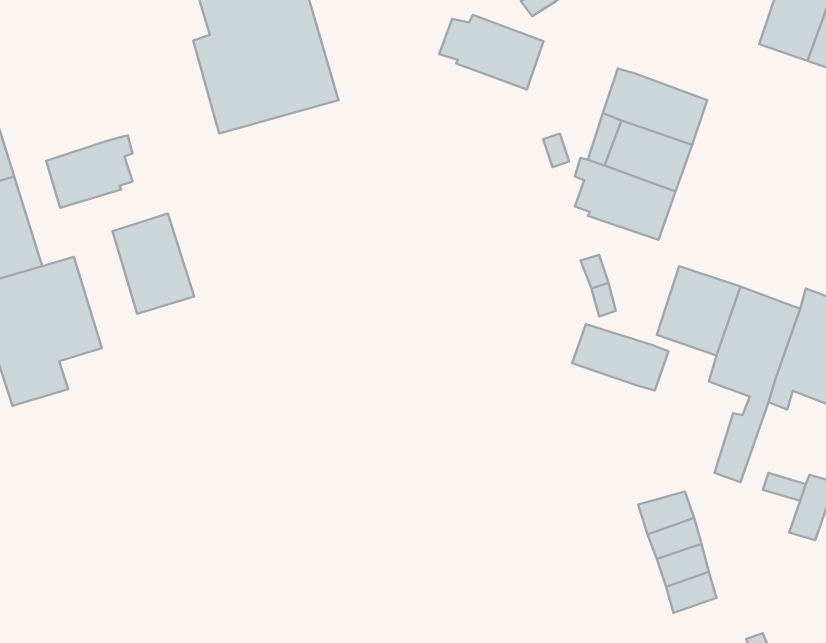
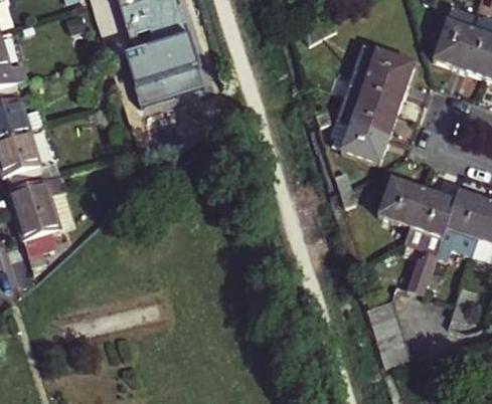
building: [439,15,544,90] -> [356,47,413,87]
building: [46,136,133,208] -> none
building: [113,213,194,314] -> none
building: [572,324,668,390] -> none

